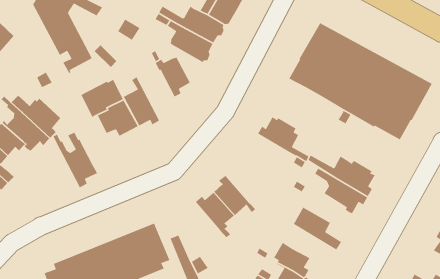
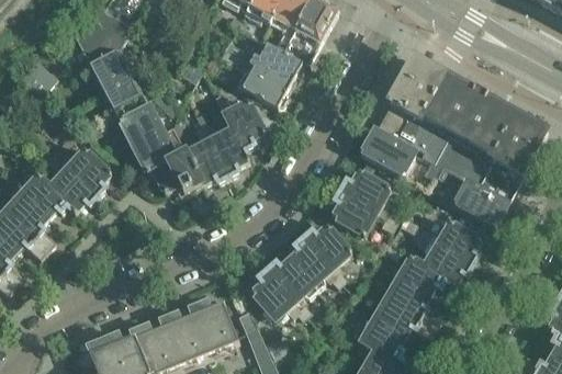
building: none -> [120,100,165,144]
building: none -> [361,128,418,174]
building: none -> [453,175,508,224]
building: [52,132,98,188] -> [195,107,249,174]
building: none -> [333,190,379,234]
building: none -> [304,224,351,279]
building: none -> [395,256,446,294]
building: none -> [251,270,305,318]
building: none -> [371,296,435,337]

